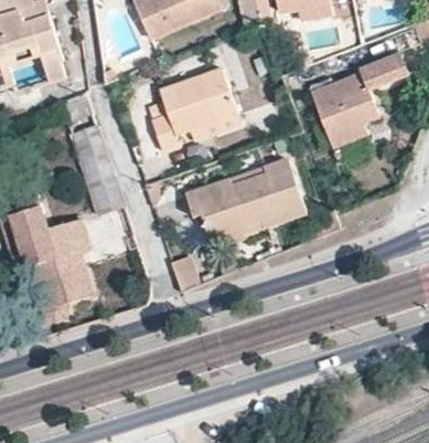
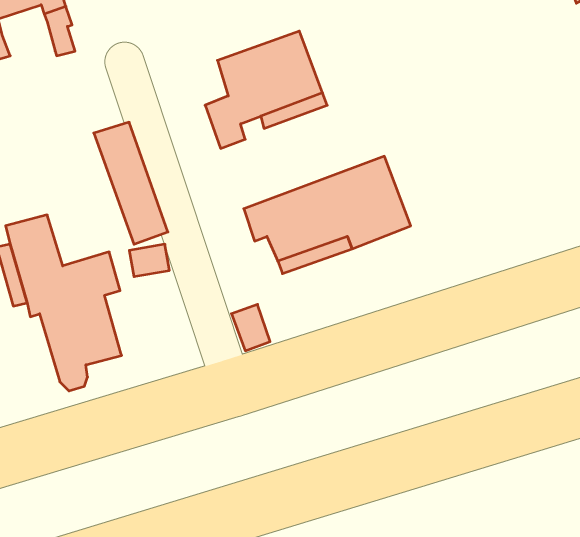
building: [310,52,410,143] -> none

